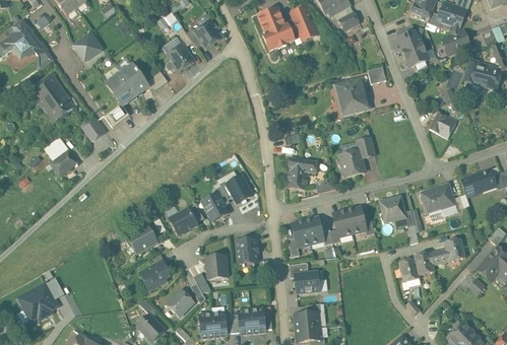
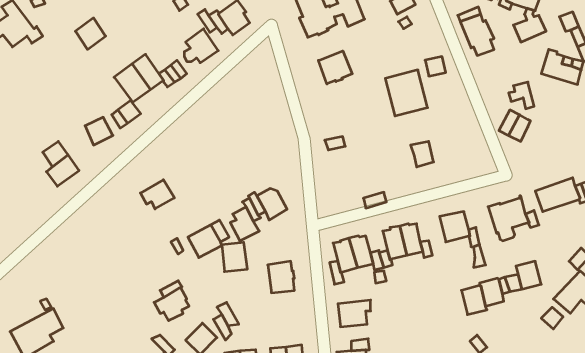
building: none -> [318,51,352,84]
building: [29,72,74,122] -> none
building: [340,149,365,176] -> none
building: [287,157,317,188] -> none
building: [128,225,156,250] -> [140,180,174,209]
building: [206,254,228,278] -> [222,242,247,272]

